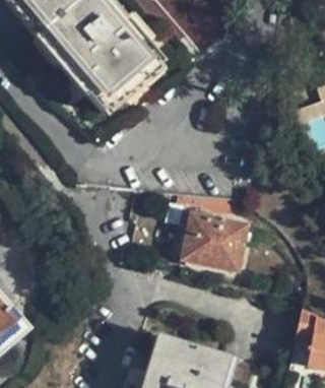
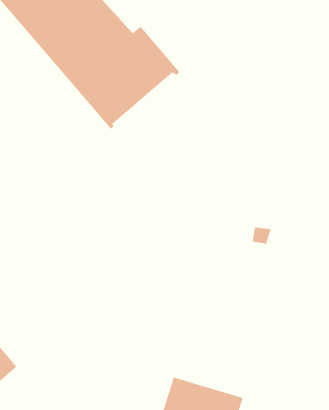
building: [184,216,249,272] -> none

